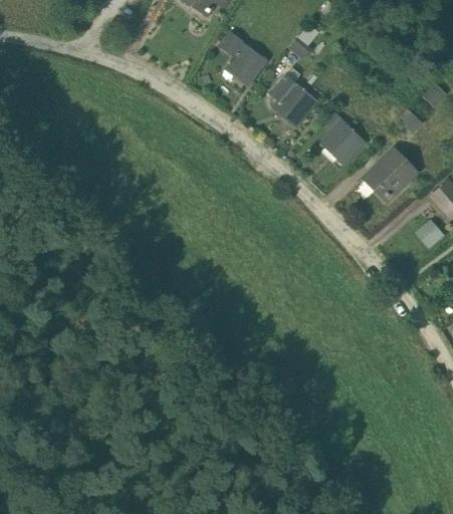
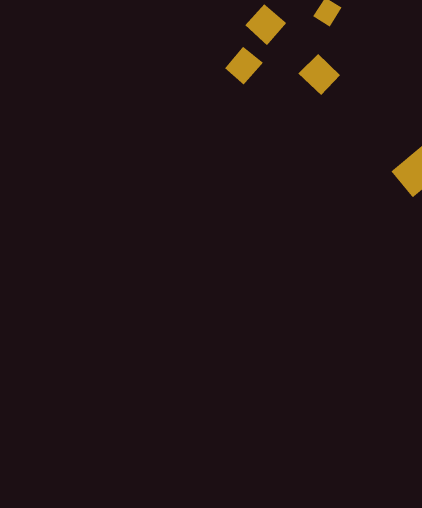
building: none -> [224,46,264,85]
building: [325,121,362,159] -> none

